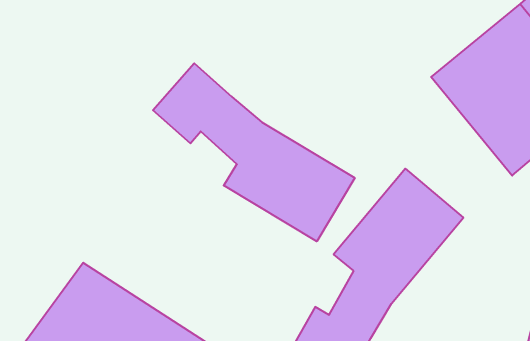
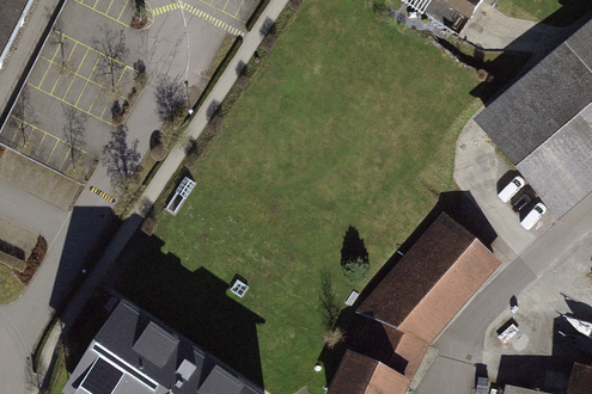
building: [153,63,355,241] -> none

